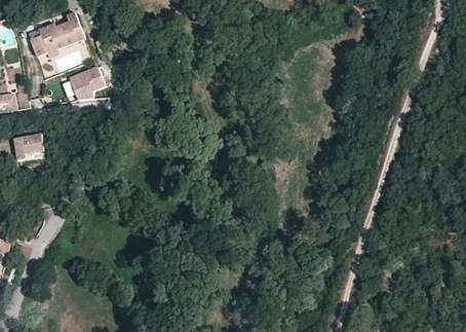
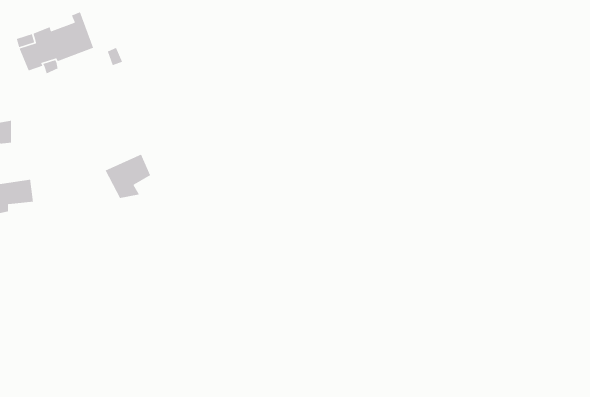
building: [63,68,98,102] -> [104,154,151,199]

